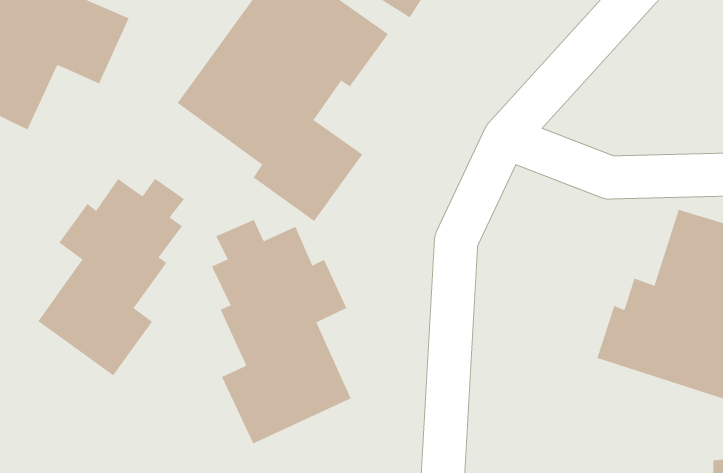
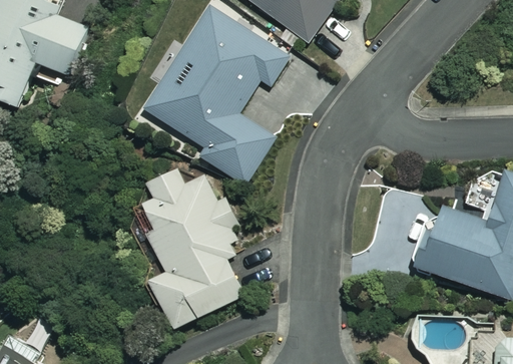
building: [38,178,185,376] -> none

